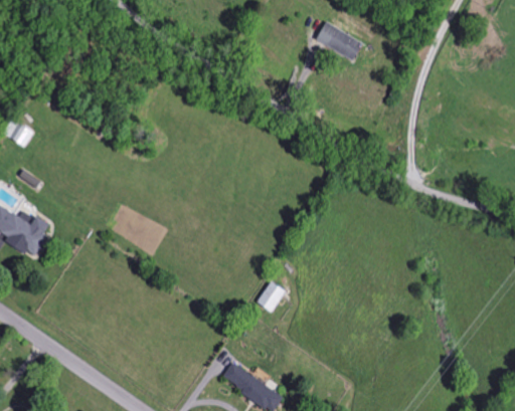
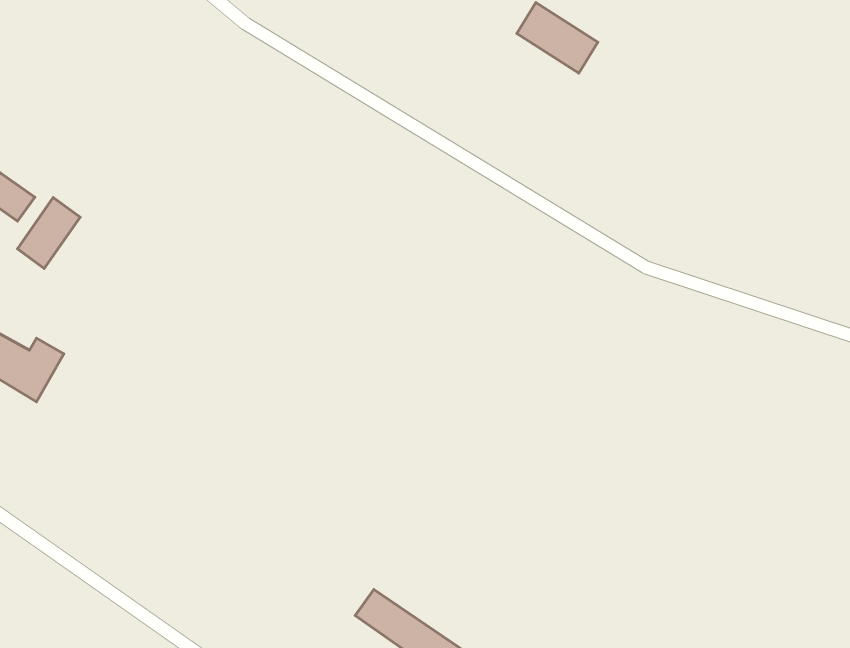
building: none -> [17,198,80,268]
building: [256,282,285,313] -> none

